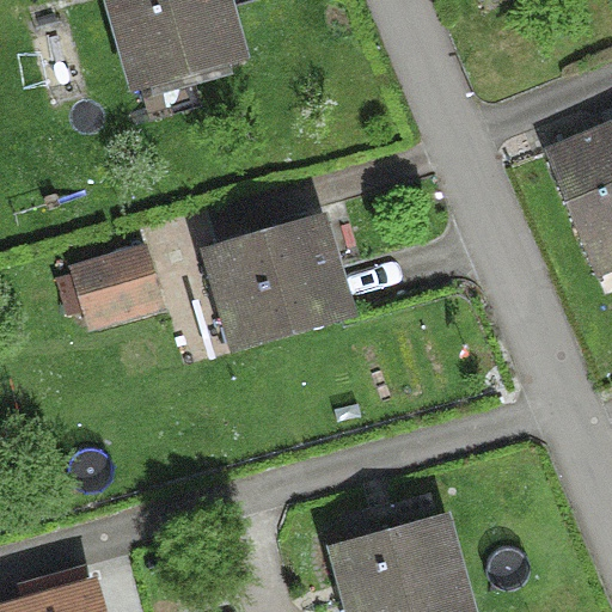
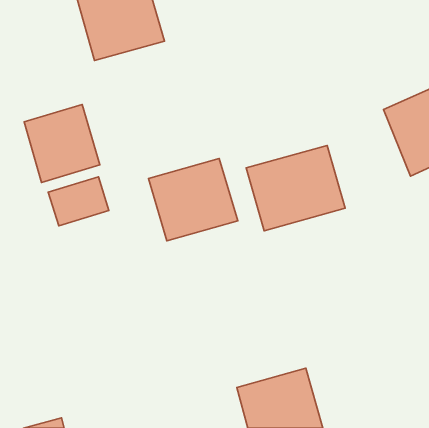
building: none -> [24,104,100,182]
building: none -> [246,145,345,231]

